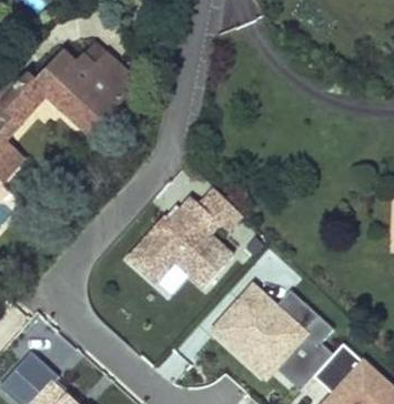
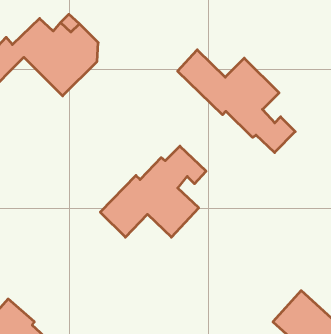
building: none -> [178,50,295,153]
building: [205,280,334,383] -> none

